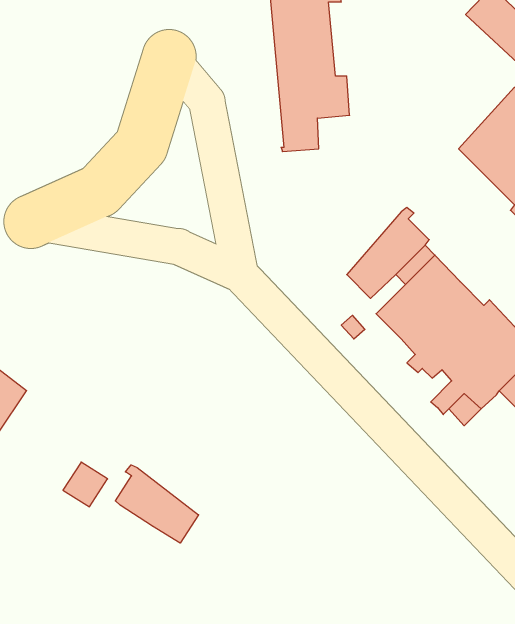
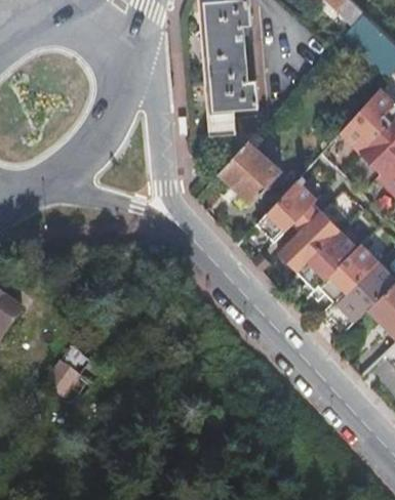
building: none -> [218,140,281,205]
building: [115,465,199,543] -> none

